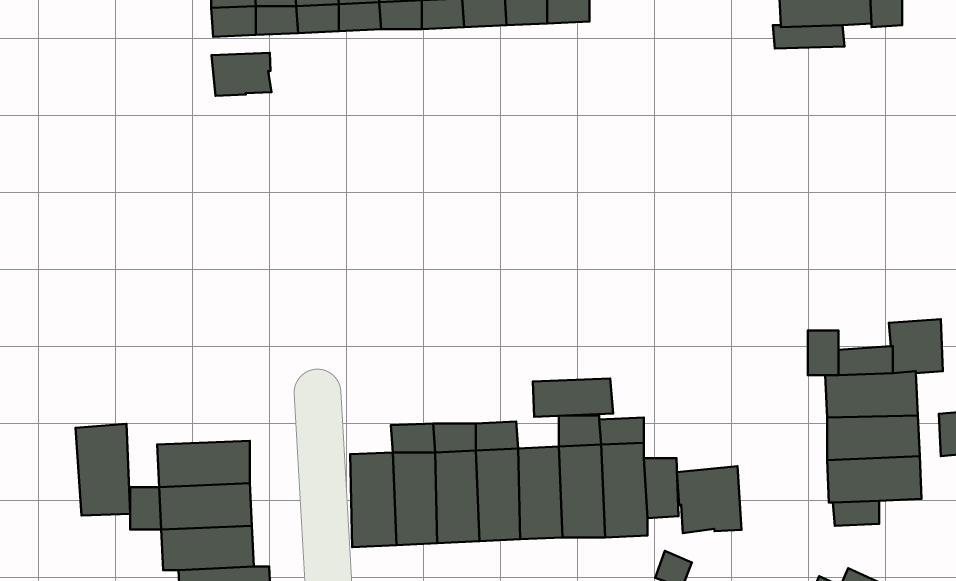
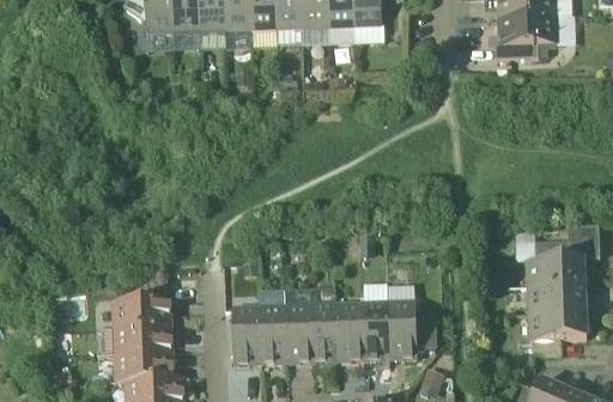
building: [212,53,271,96] -> none
building: [533,378,613,417] -> none
building: [76,424,130,516] -> none
building: [677,466,741,533] -> none

